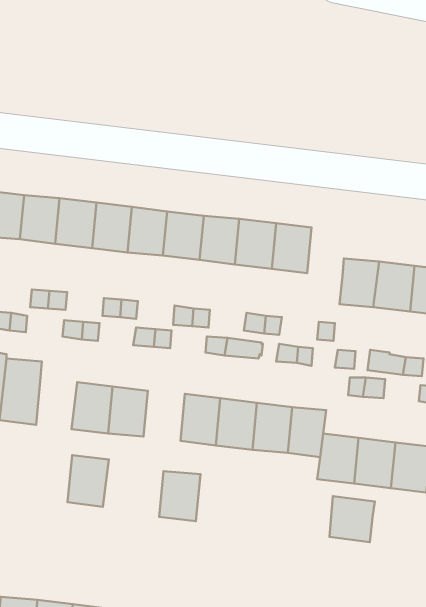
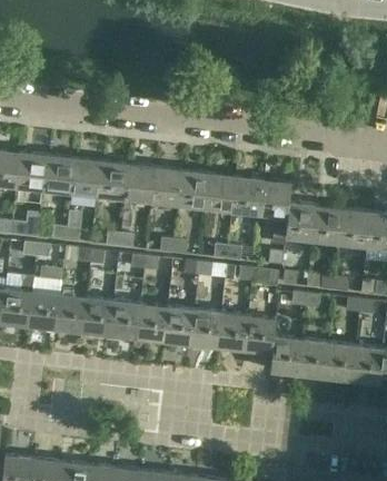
building: none -> [261,179,291,216]
building: [68,455,109,507] -> [57,293,88,332]
building: [159,471,200,521] -> [138,303,169,341]
building: [330,496,375,542] -> none

